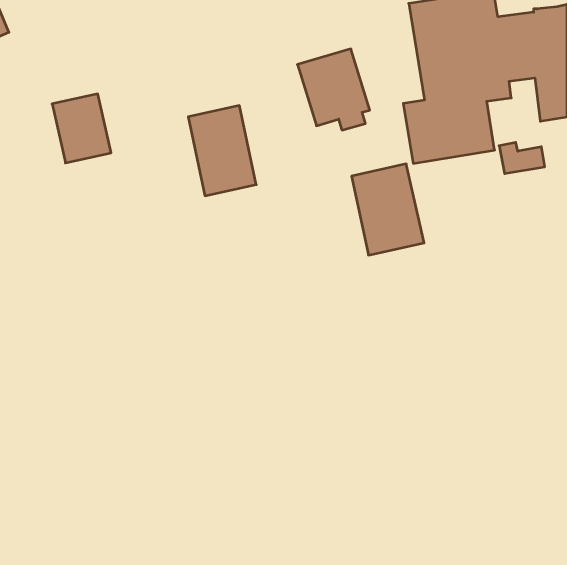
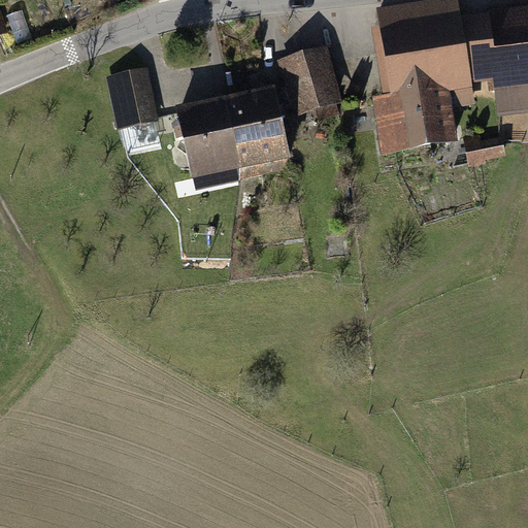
building: [52,94,111,163] -> [104,65,159,129]
building: [352,164,424,255] -> [222,87,289,171]

